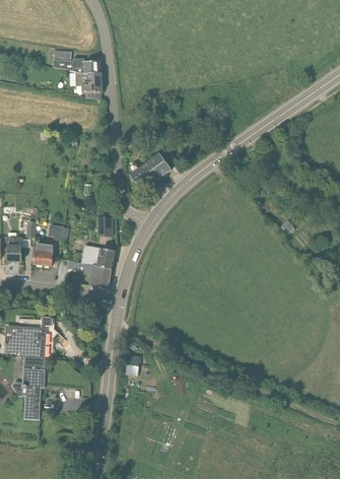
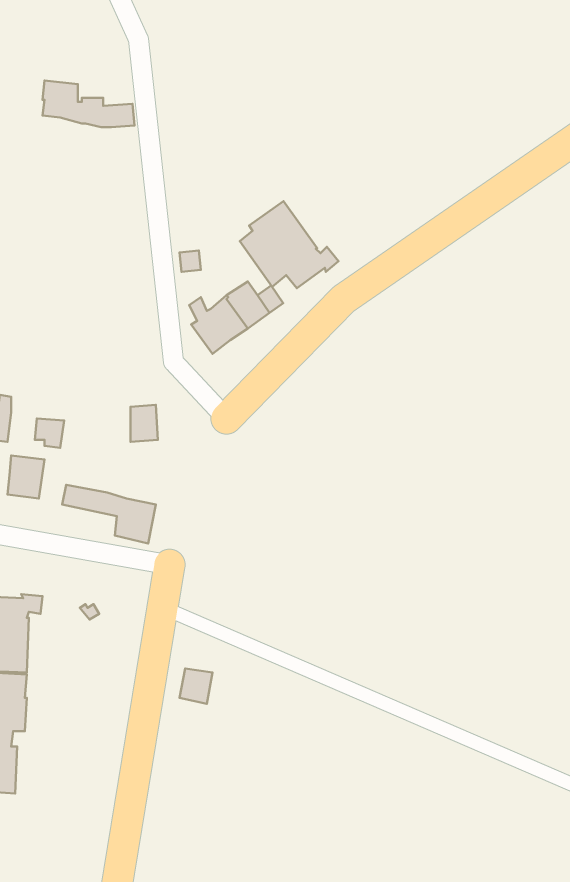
building: [75,71,101,99] -> none
building: none -> [240,201,339,288]
building: [86,246,115,269] -> none

